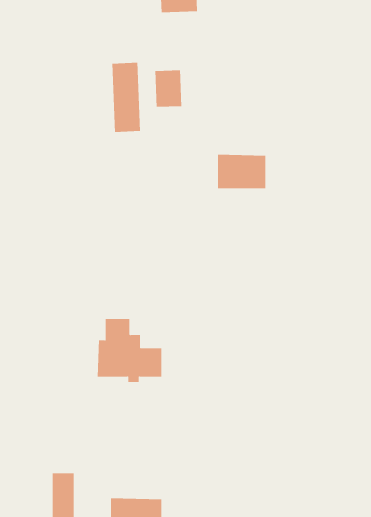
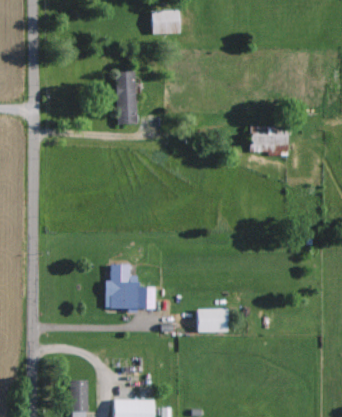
building: [155,70,182,107] -> none
building: [217,154,266,189] -> [251,126,288,152]
building: none -> [198,308,228,332]

